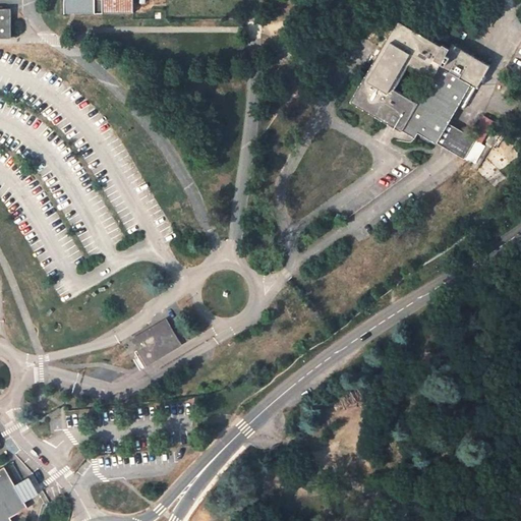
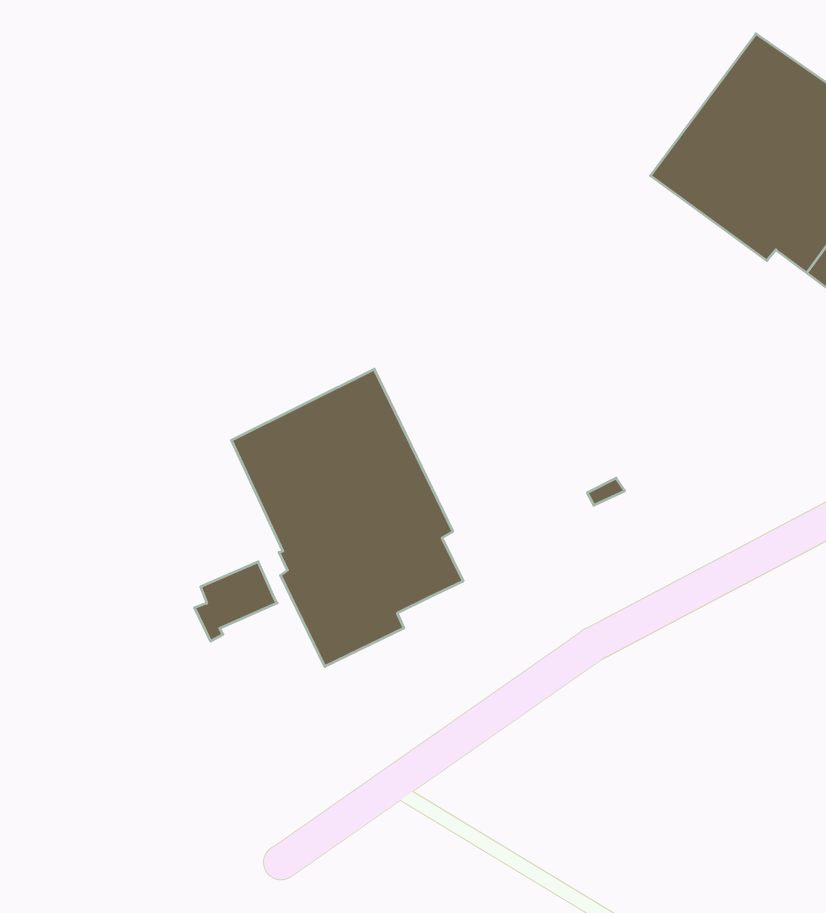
building: none -> [232,369,463,667]

